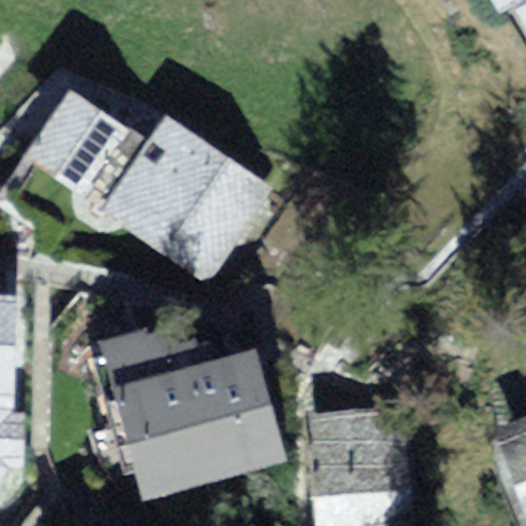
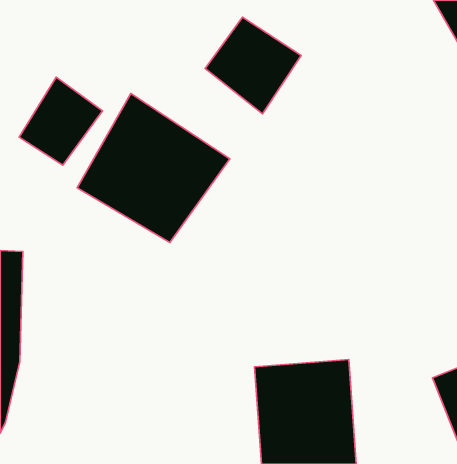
building: none -> [205,17,301,114]
building: [97,352,284,509] -> none

